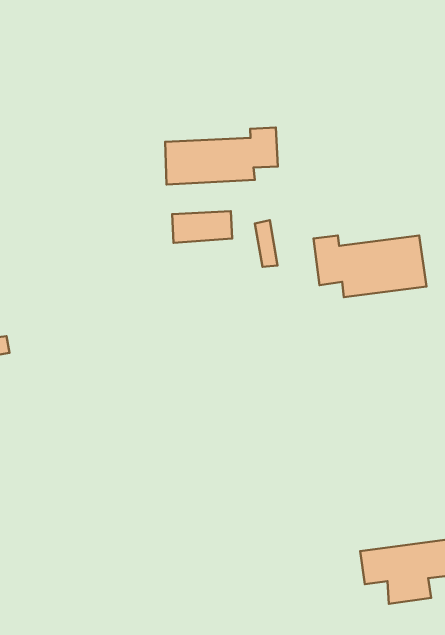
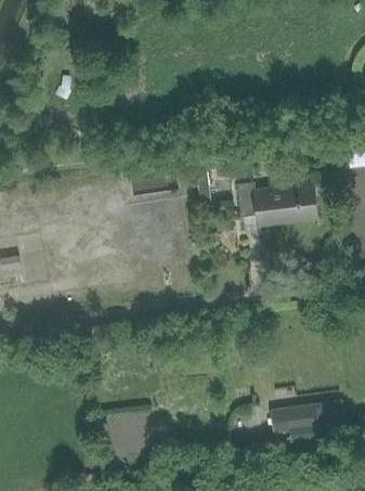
building: [165,128,278,185] -> none

